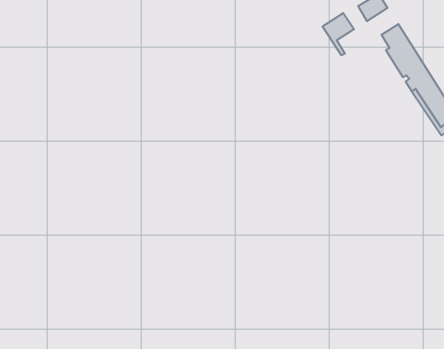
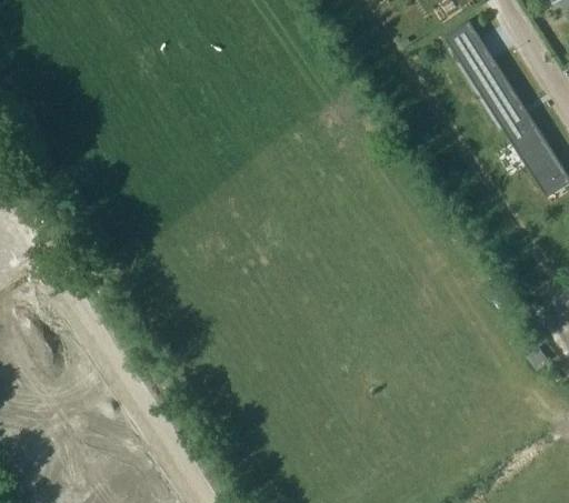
building: [322,13,354,55] -> [457,41,496,93]

